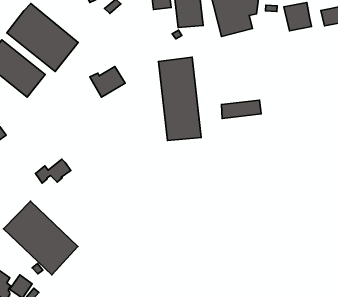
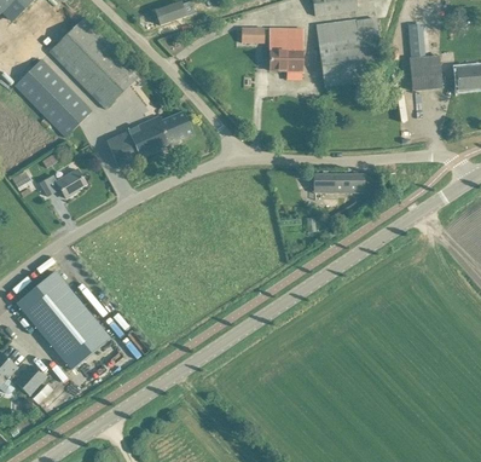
building: [159,57,201,140] -> none
building: none -> [106,120,161,168]
building: [35,159,71,183] -> [40,168,86,197]

